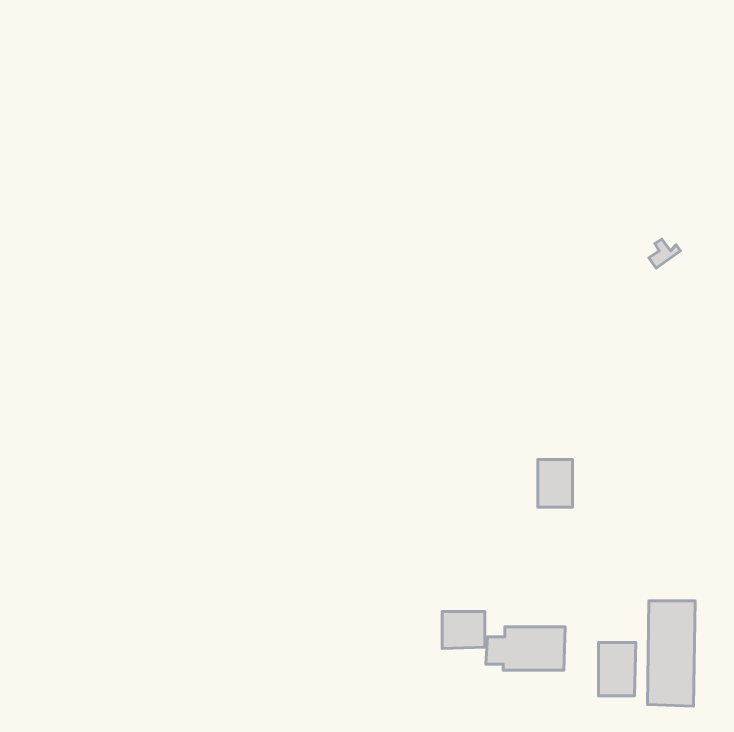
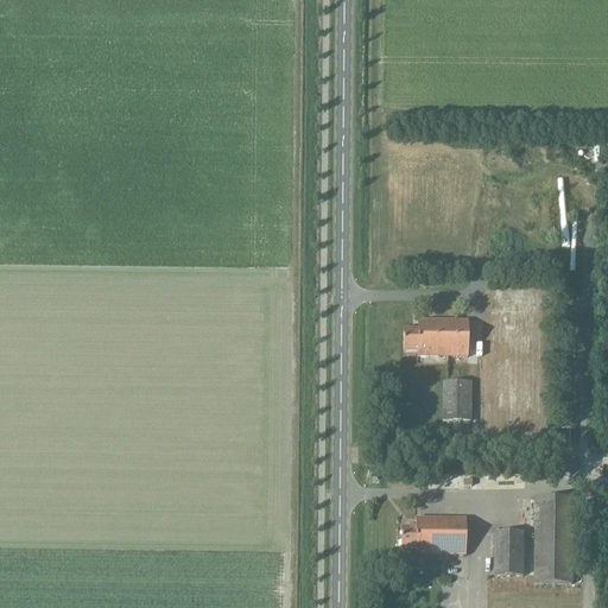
building: none -> [406,317,470,354]
building: [442,611,485,649] -> none

